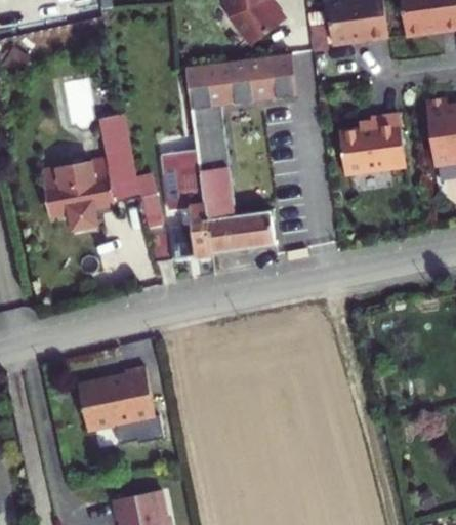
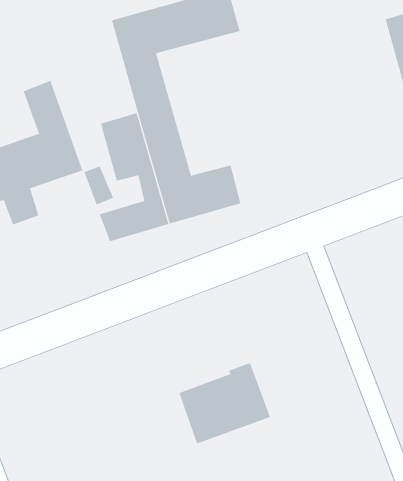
building: [338,115,405,176] -> none
building: [78,367,156,432] -> [179,363,271,444]

